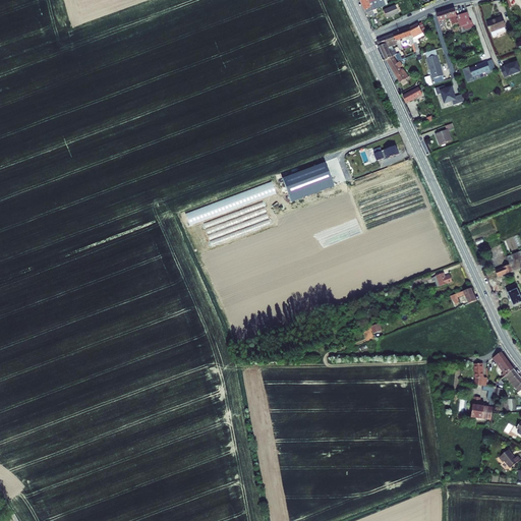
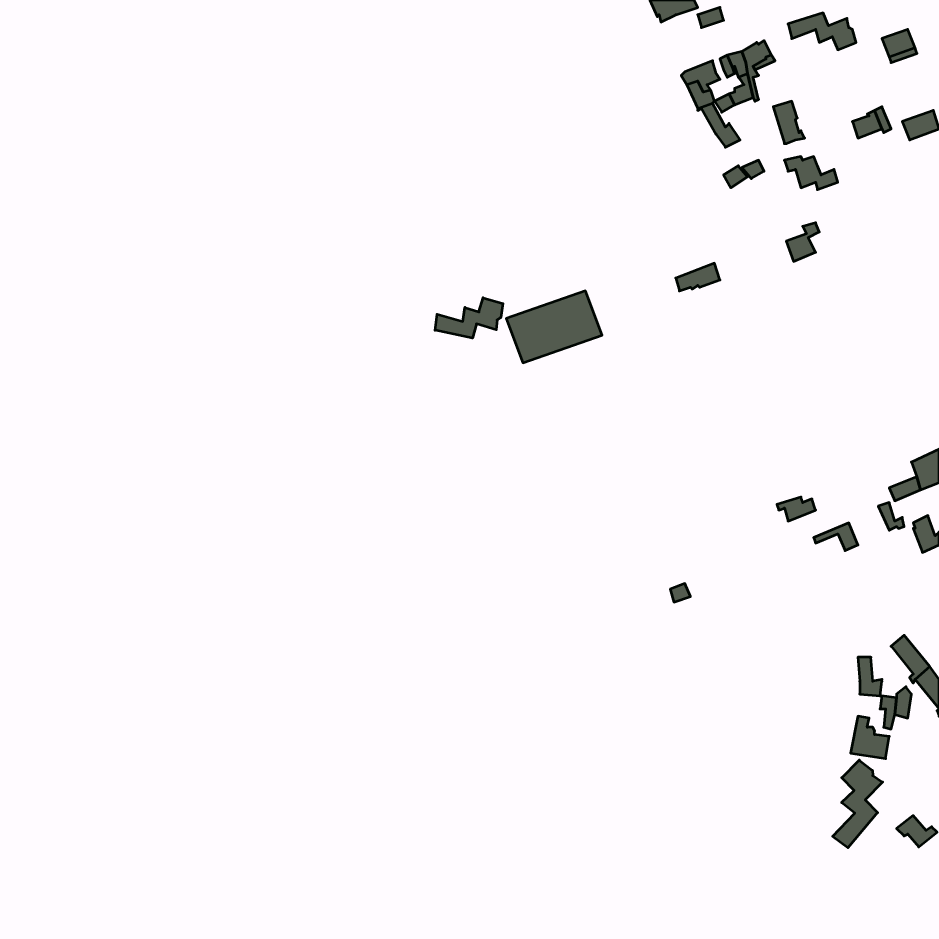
building: none -> [435,298,503,338]
building: none -> [833,760,883,848]

